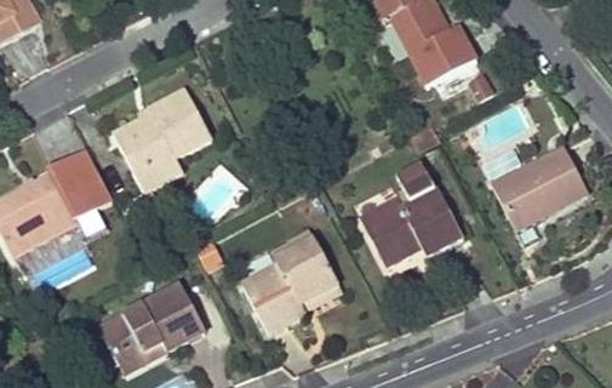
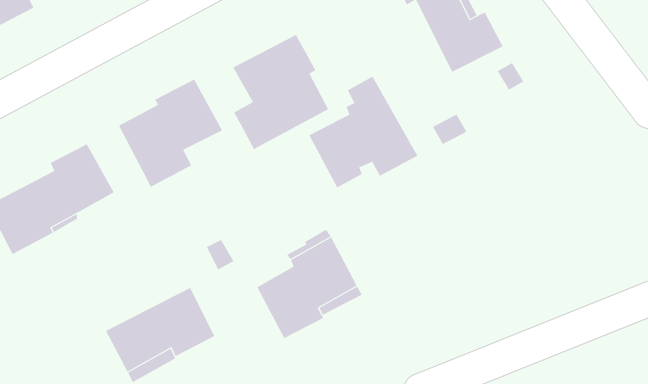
building: none -> [232,34,329,150]
building: [493,145,589,228] -> none
building: [361,160,464,266] -> [308,76,418,188]

